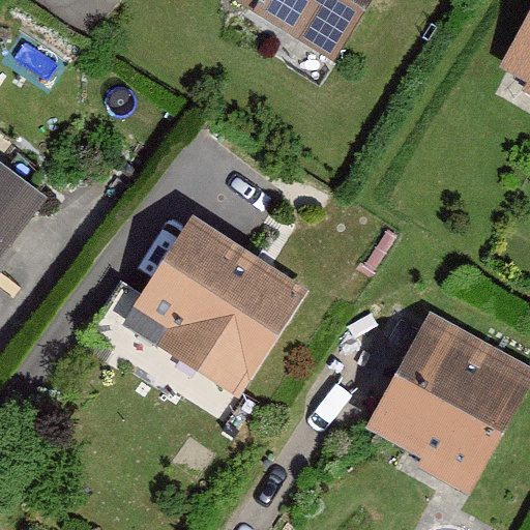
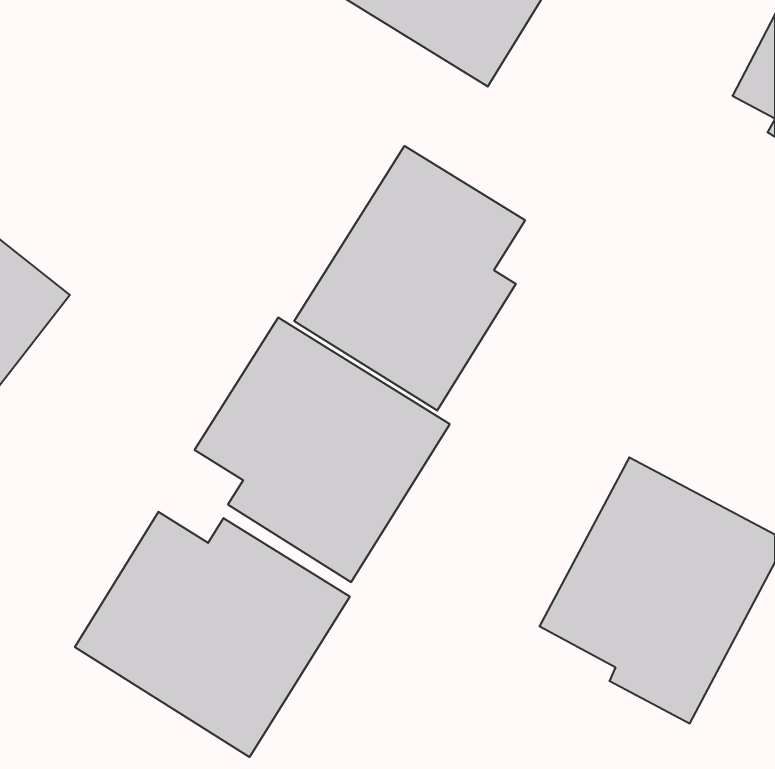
building: none -> [294,146,525,411]
building: none -> [75,512,350,757]

